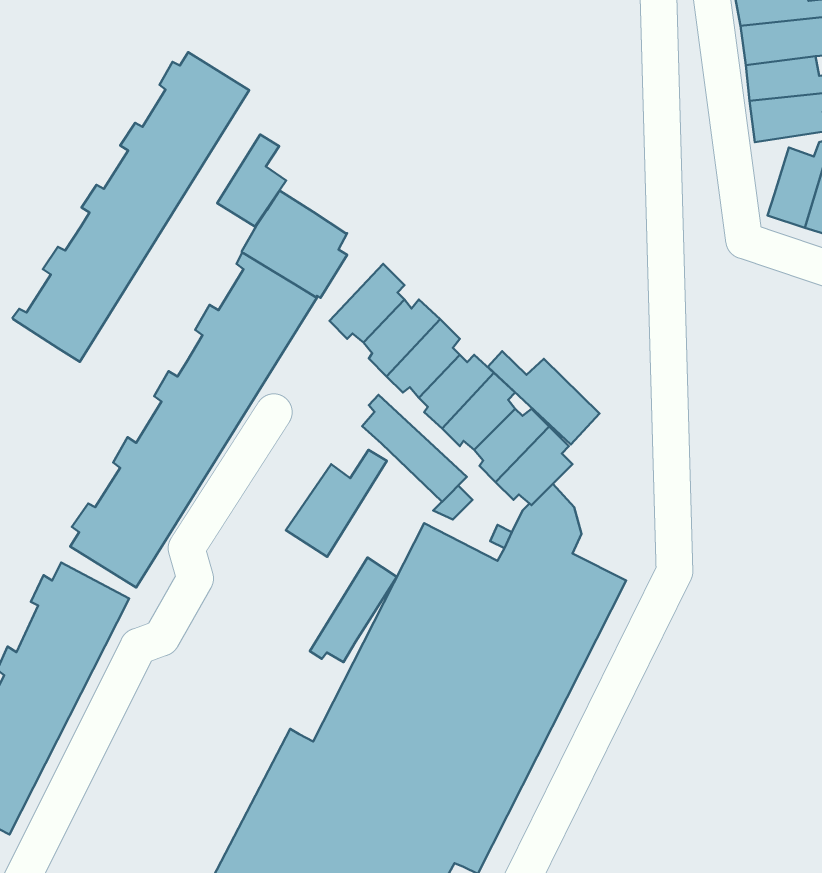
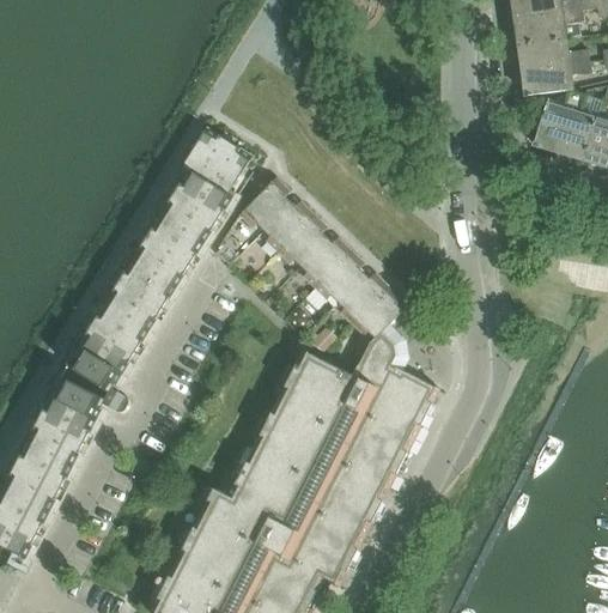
building: [12,52,249,362] -> none
building: [217,134,286,226] -> none
building: [488,351,600,445] -> none
building: [362,395,467,502] -> none
building: [286,450,387,557] -> none
building: [310,557,397,662] -> none

